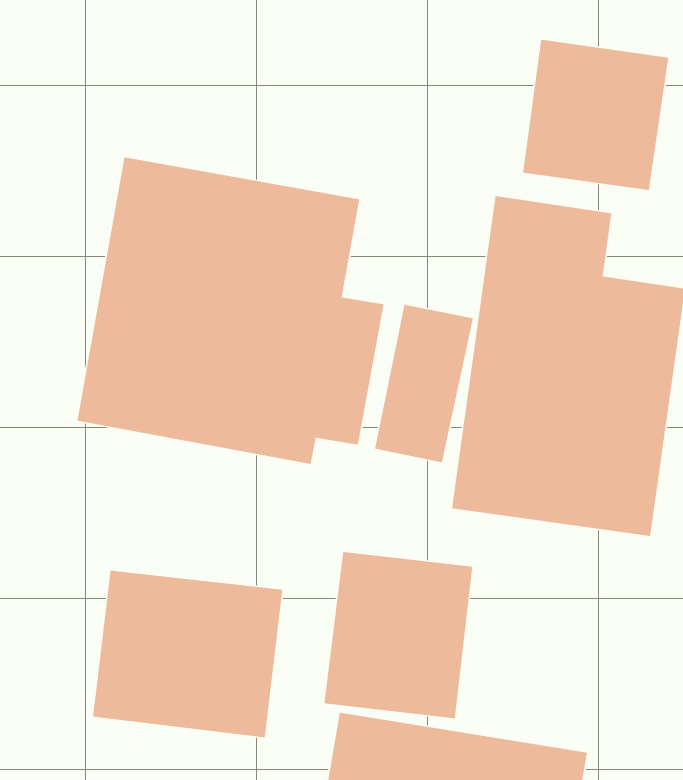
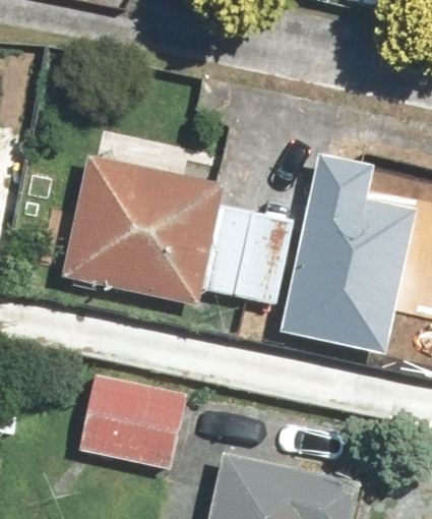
building: [522,39,669,191] -> none
building: [323,551,473,719] -> none

